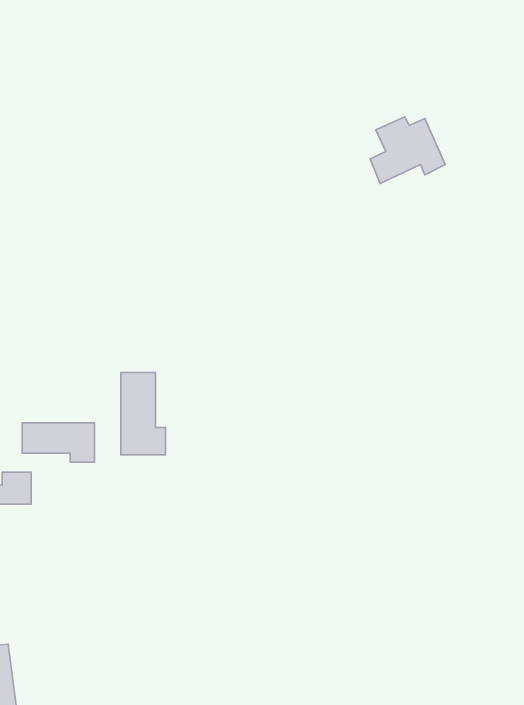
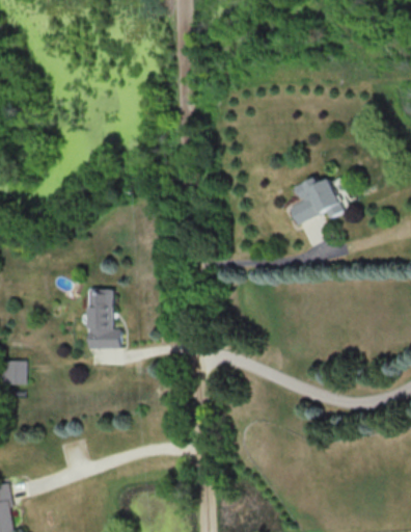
building: [370,117,445,183] -> [290,178,344,225]
building: [22,423,94,462] -> none

